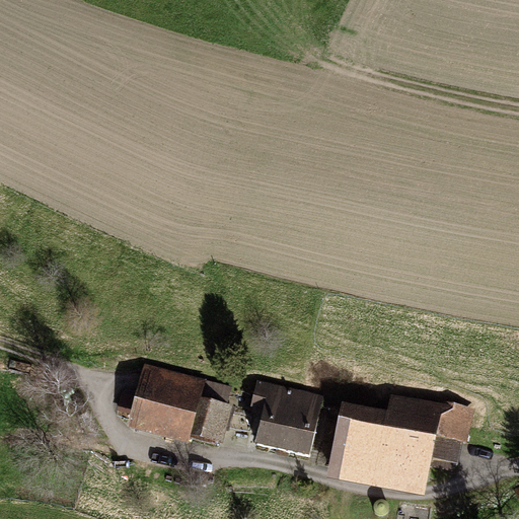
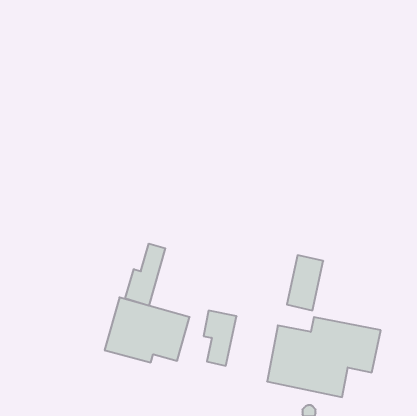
building: none -> [125,244,165,306]
building: [278,389,322,457] -> [287,255,323,310]

